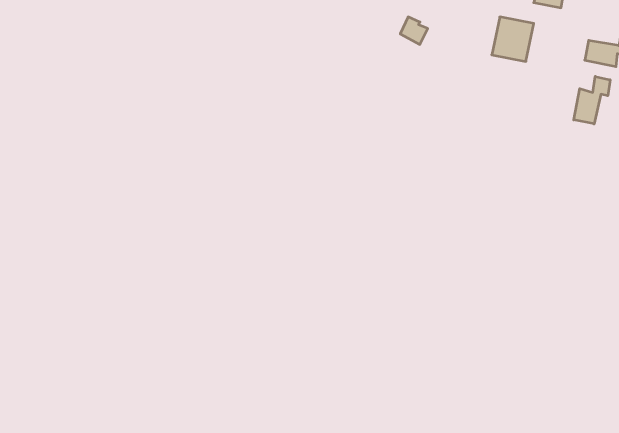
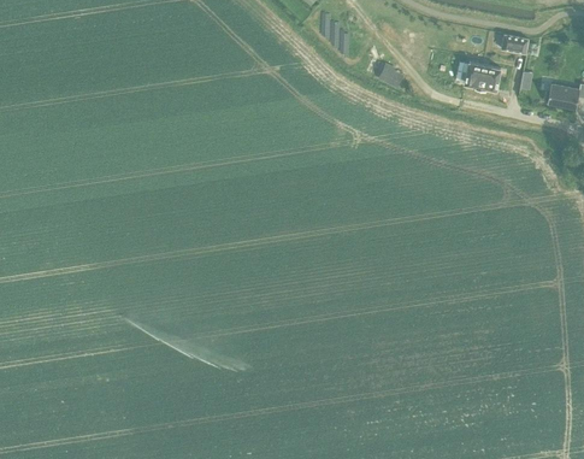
building: [574,76,610,124] -> none

